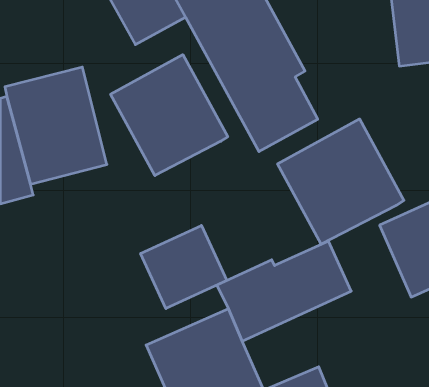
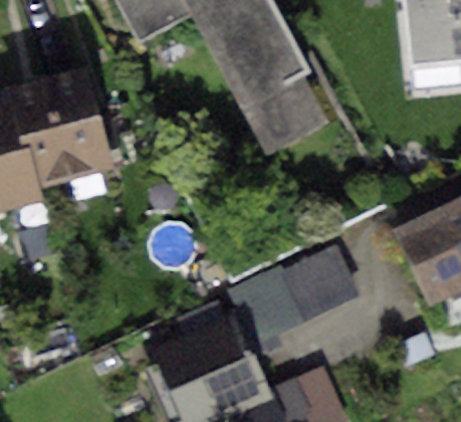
building: [111,55,228,176] -> none
building: [278,119,404,244] -> none
building: [141,225,227,309] -> none

